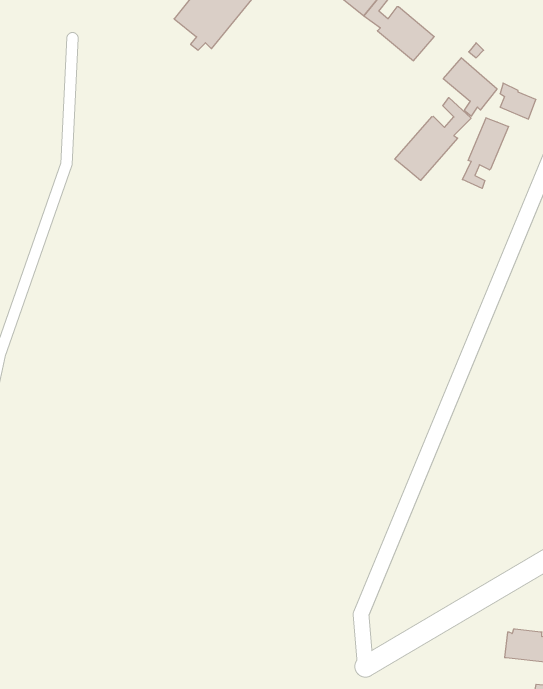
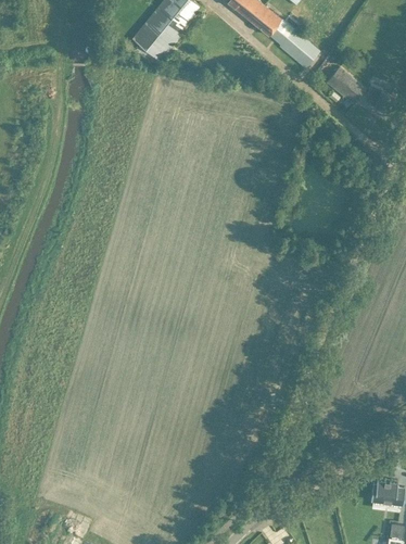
building: [395,98,471,180] -> none
building: [462,118,509,188] -> none

